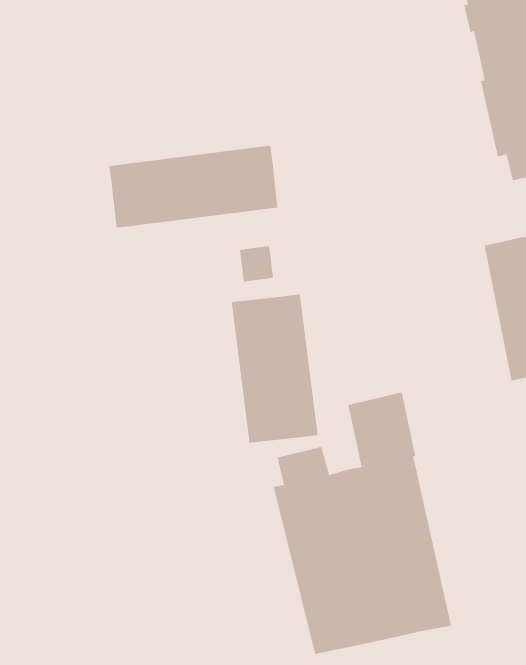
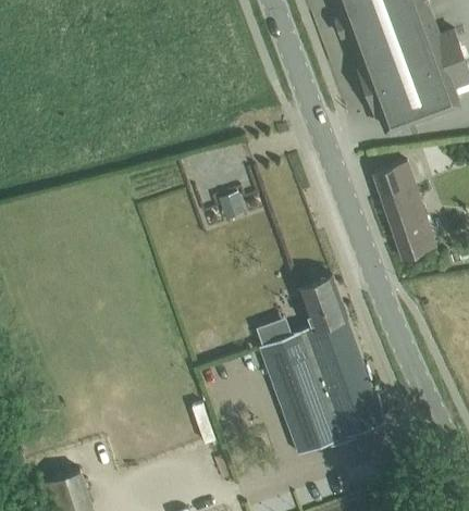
building: [109,145,278,229] -> none
building: [231,293,318,444] -> none

